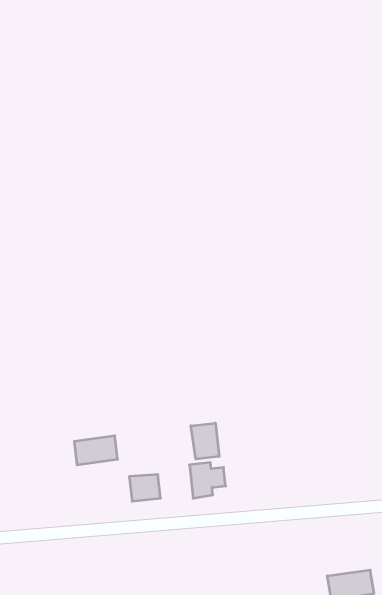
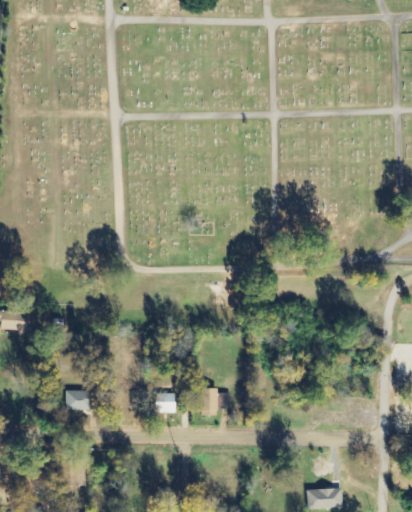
building: [191,423,219,459] -> none
building: [74,436,118,465] -> [67,389,100,409]

